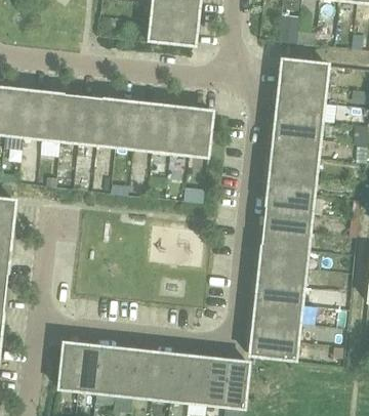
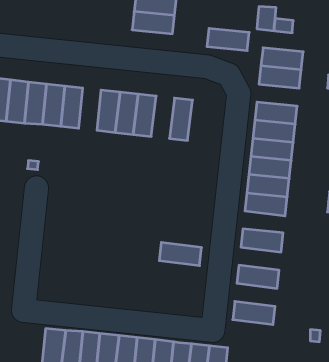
building: [278,96,321,119] -> [207,28,249,51]
building: [96,100,119,143] -> none
building: [170,109,194,152] -> none
building: [263,225,306,248] -> none
building: [259,262,302,286] -> [159,242,202,266]
building: [255,299,298,323] -> none
building: [251,336,294,360] -> none

